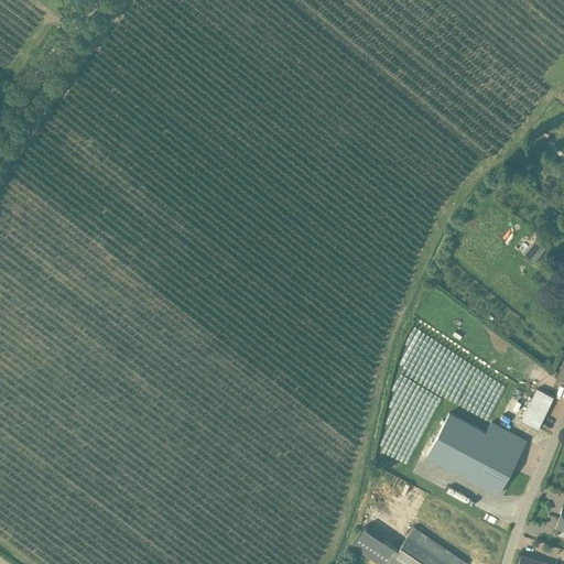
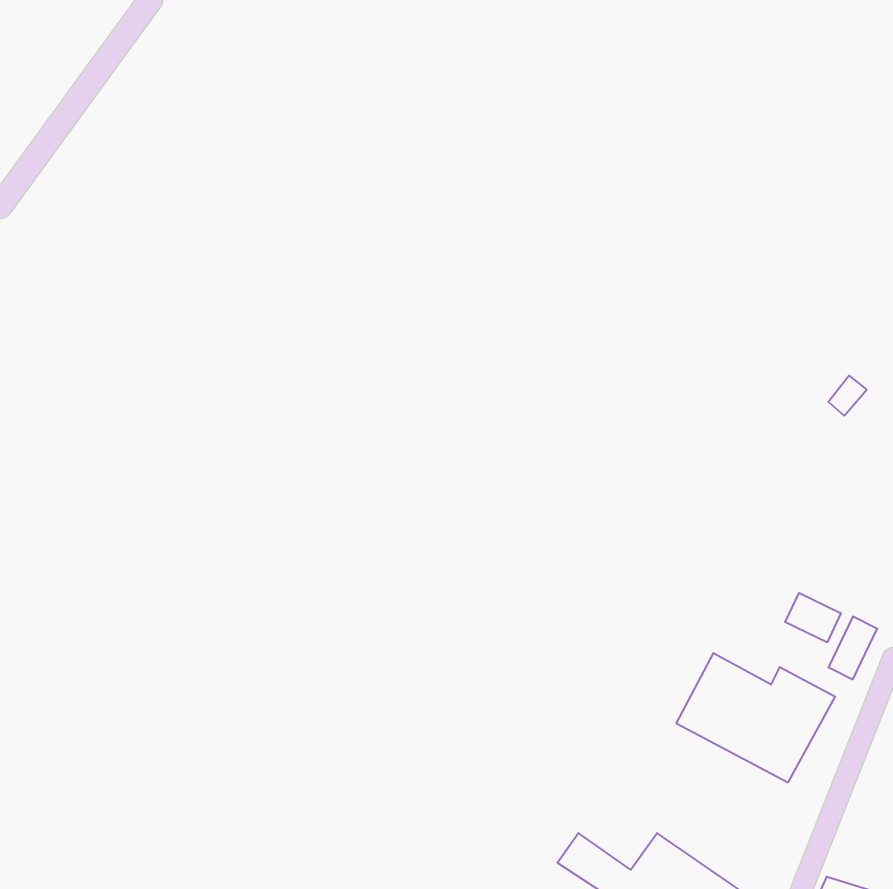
building: none -> [785,593,841,642]

